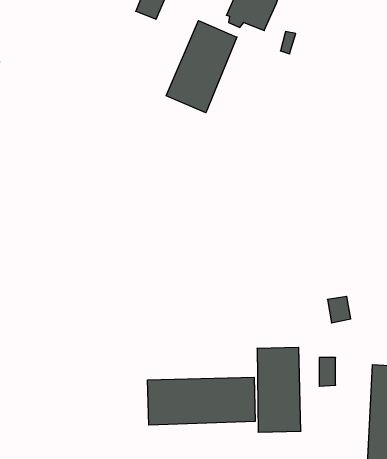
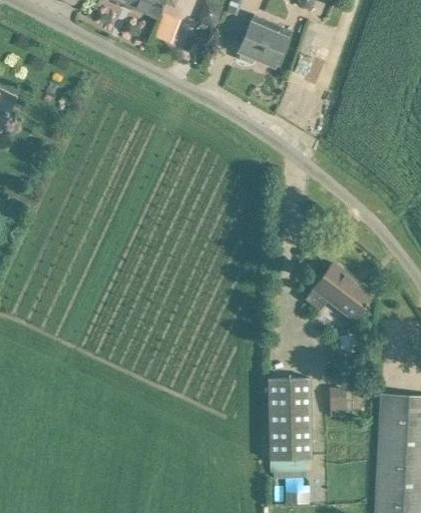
building: [166,21,237,113] -> none
building: none -> [307,263,373,319]
building: [148,377,255,425] -> none

